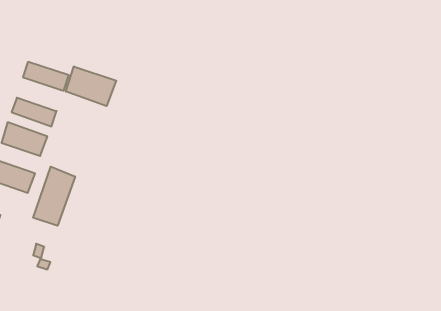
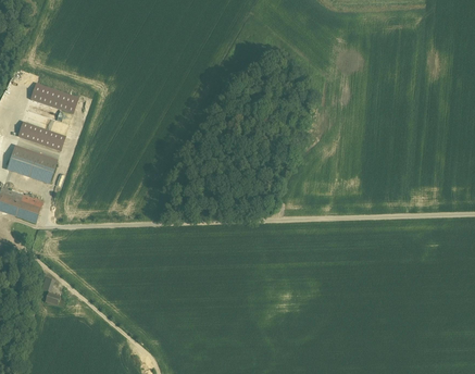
building: [66,66,116,106] -> none
building: [33,167,75,226] -> none

